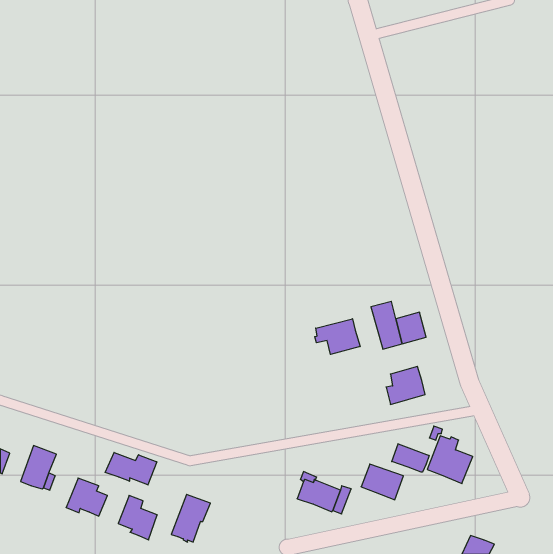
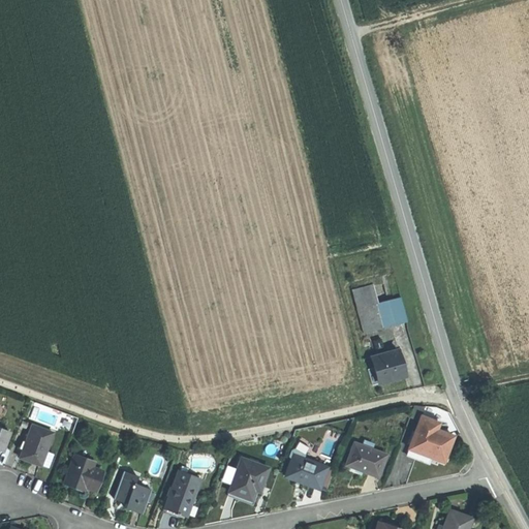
building: [315,319,360,354] -> none
building: [392,444,429,472] -> none
building: [105,452,157,485] -> none
building: none -> [228,459,268,501]

